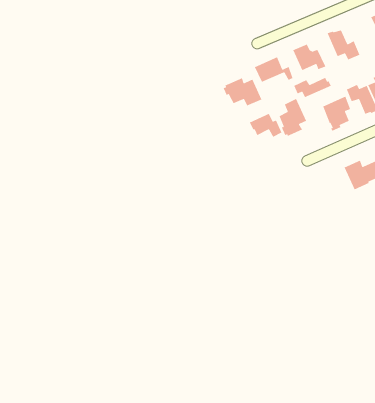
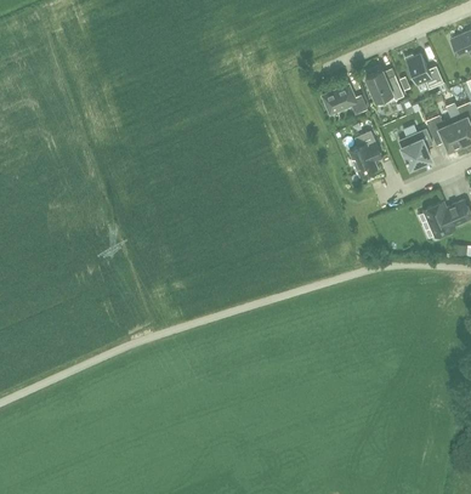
building: [293,77,332,98] -> none
building: [223,77,262,106] -> none
building: [249,113,283,138] -> none

